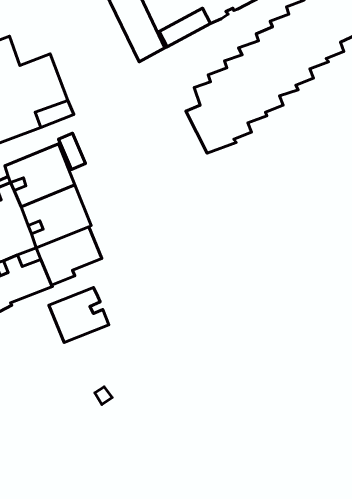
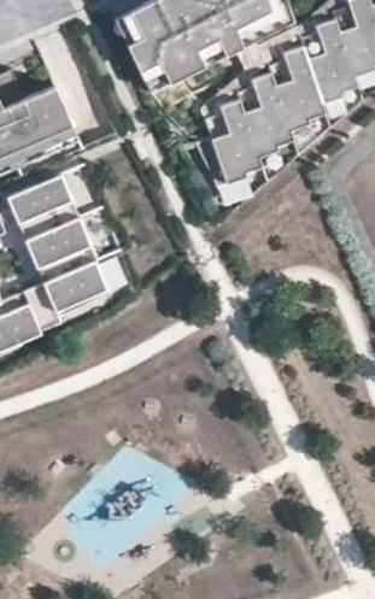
building: [49,287,109,343] -> none

